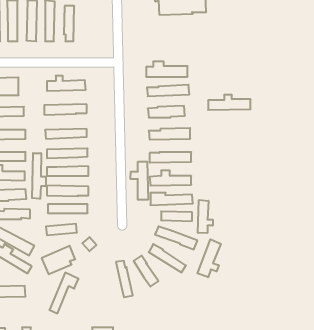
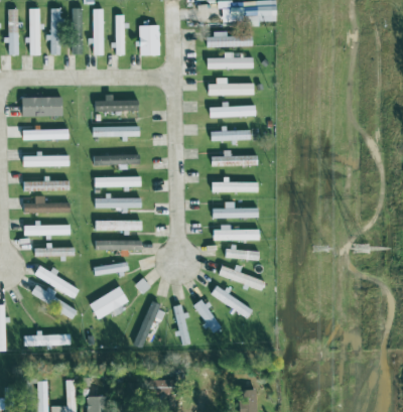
building: none -> [139,24,160,55]
building: none -> [206,33,254,47]
building: [208,95,251,110] -> [207,51,255,68]
building: [32,153,46,199] -> none
building: [131,162,148,200] -> none
building: [198,200,213,233] -> none
building: [197,239,221,277] -> none
building: [49,273,79,313] -> [133,302,166,349]

